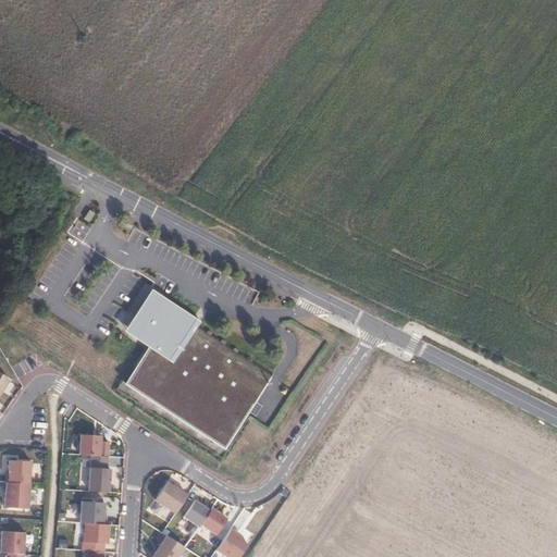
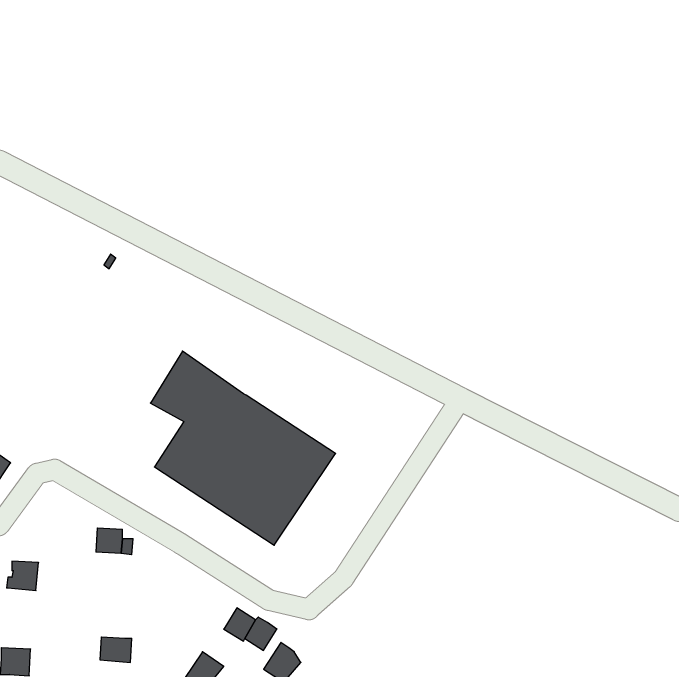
building: [87,468,110,492] -> none
building: [154,482,185,512] -> none
building: [4,483,29,509] -> none
building: [78,500,103,524] -> none

